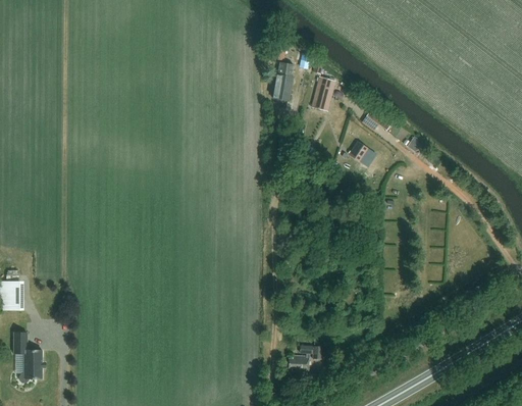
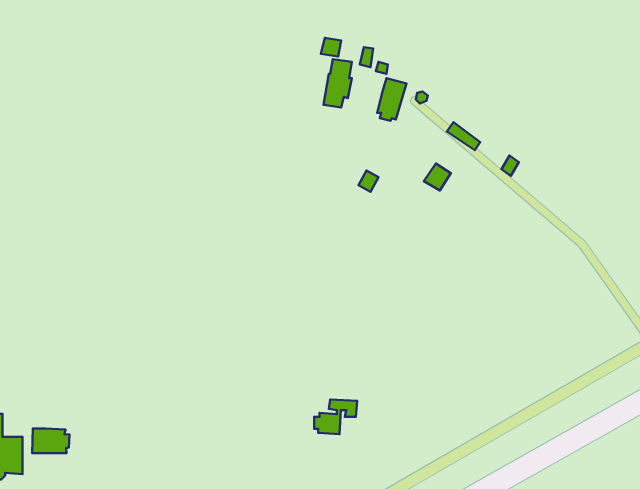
building: none -> [32,428,69,453]
building: [289,345,321,371] -> [314,399,357,434]

